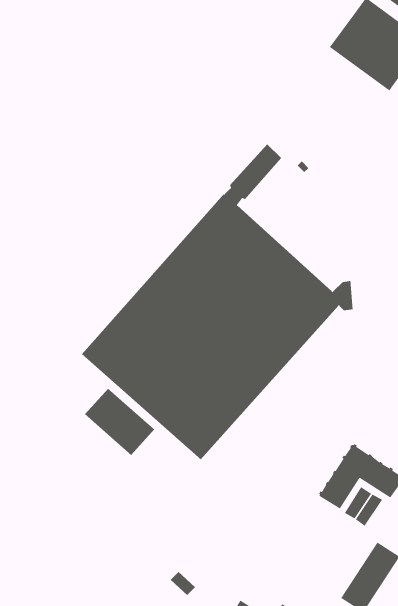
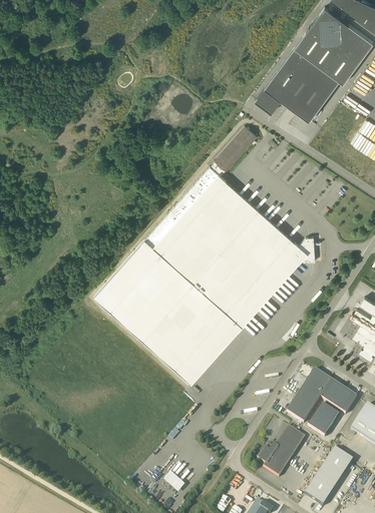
building: none -> [256,48,340,121]
building: [84,388,155,456] -> none
building: none -> [257,427,305,478]

